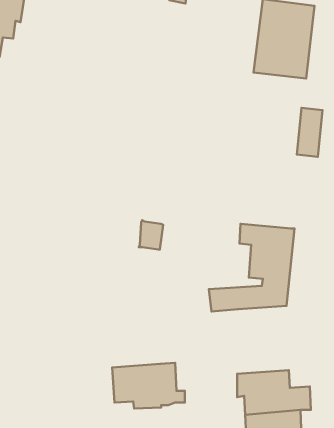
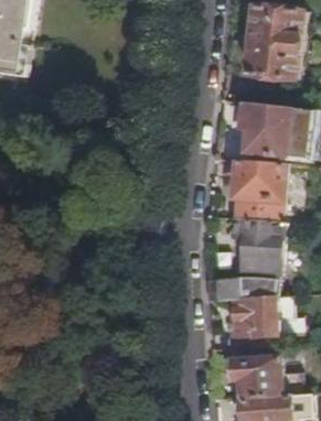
building: none -> [238,104,289,154]
building: none -> [232,160,283,223]
building: [112,363,185,409] -> [229,294,298,337]

